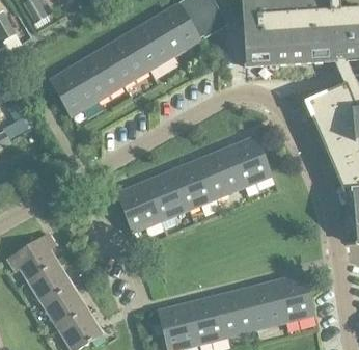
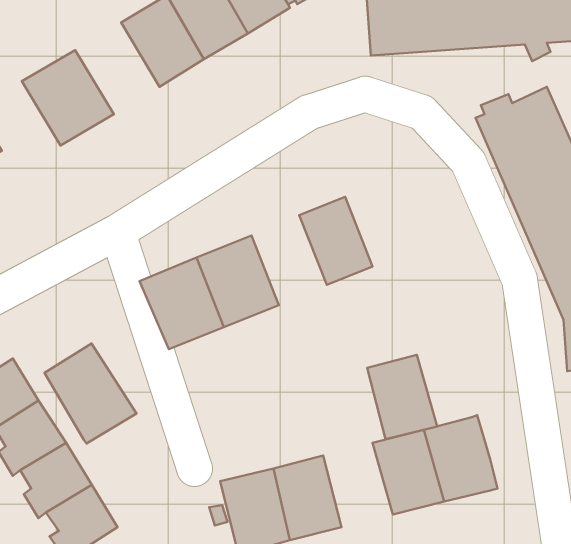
building: [78,48,126,100] -> none
building: [230,137,270,186] -> none
building: [177,157,220,208] -> none
building: none -> [45,344,136,444]
building: [218,286,257,333] -> [367,355,437,439]

